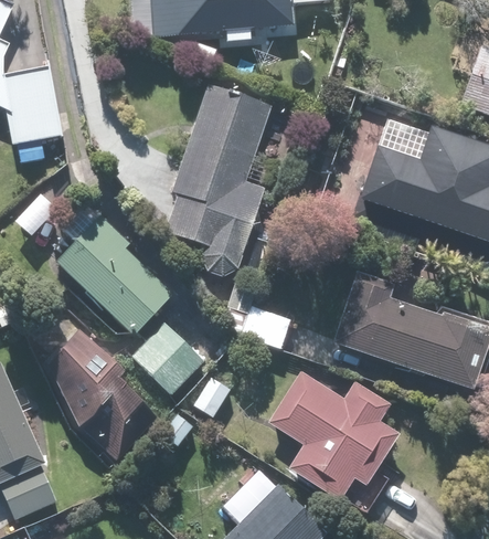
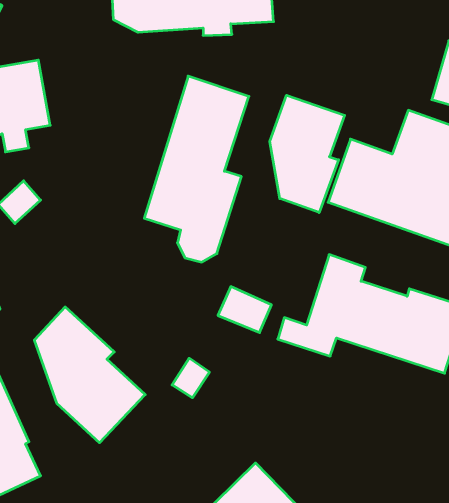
building: none -> [270,95,345,213]
building: [52,200,172,337] -> none
building: [131,319,203,390] -> none
building: [268,369,398,497] -> none

